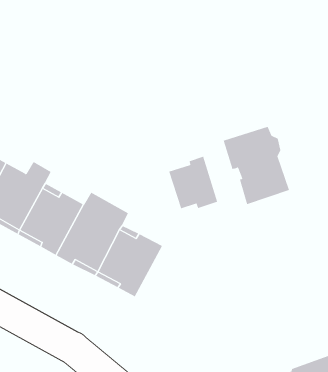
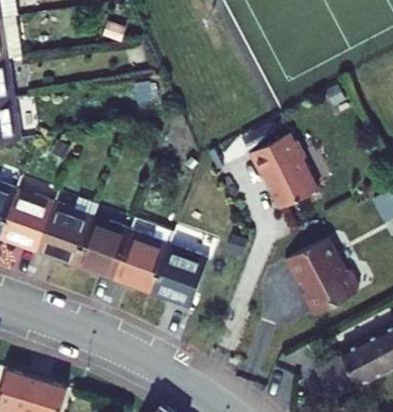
building: [169,156,218,209] -> none
building: none -> [286,237,360,315]

